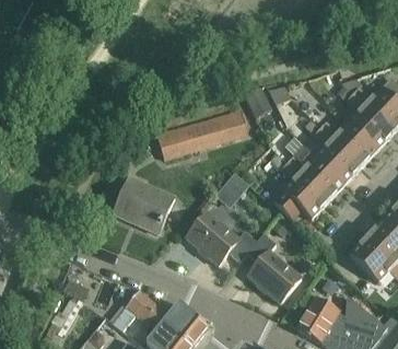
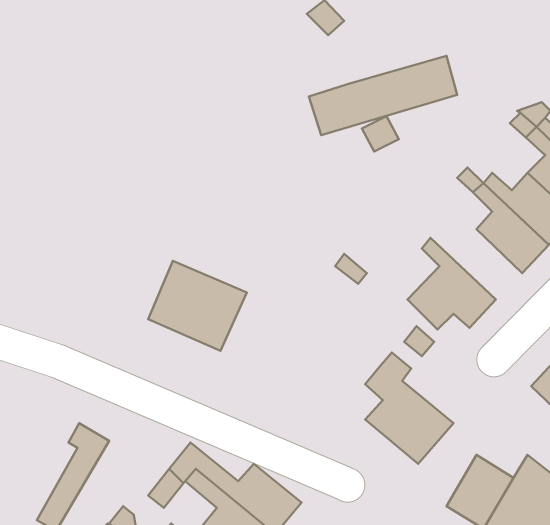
building: [156,109,248,159] -> [309,56,457,135]
building: [288,144,344,200] -> none
building: [186,211,257,265] -> none

